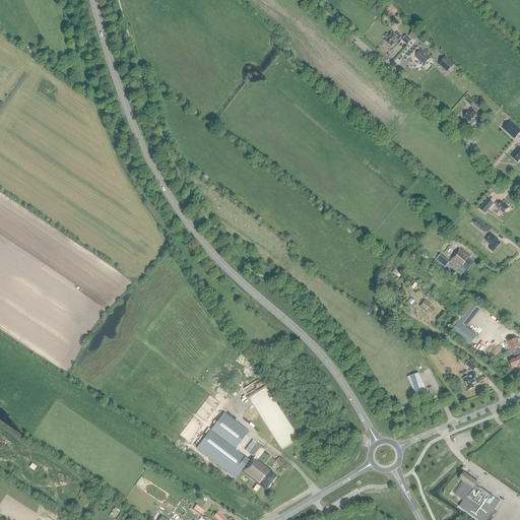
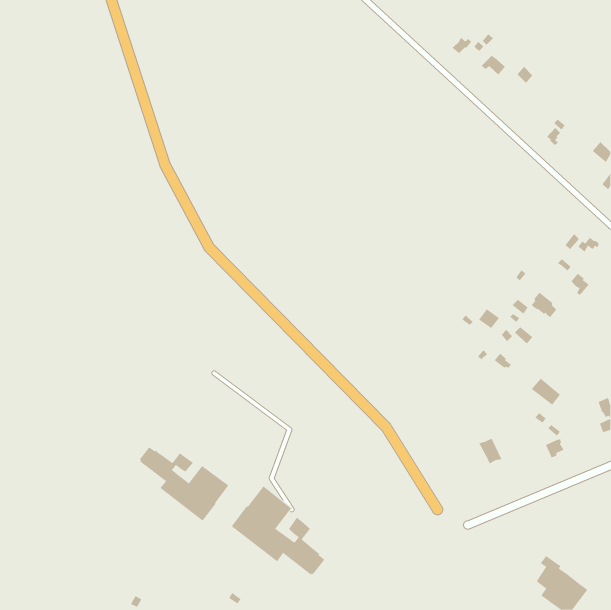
building: none -> [139,446,229,521]

